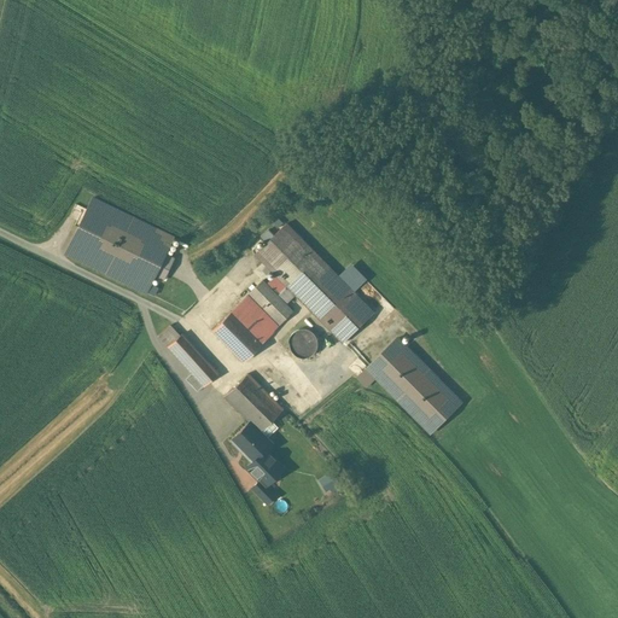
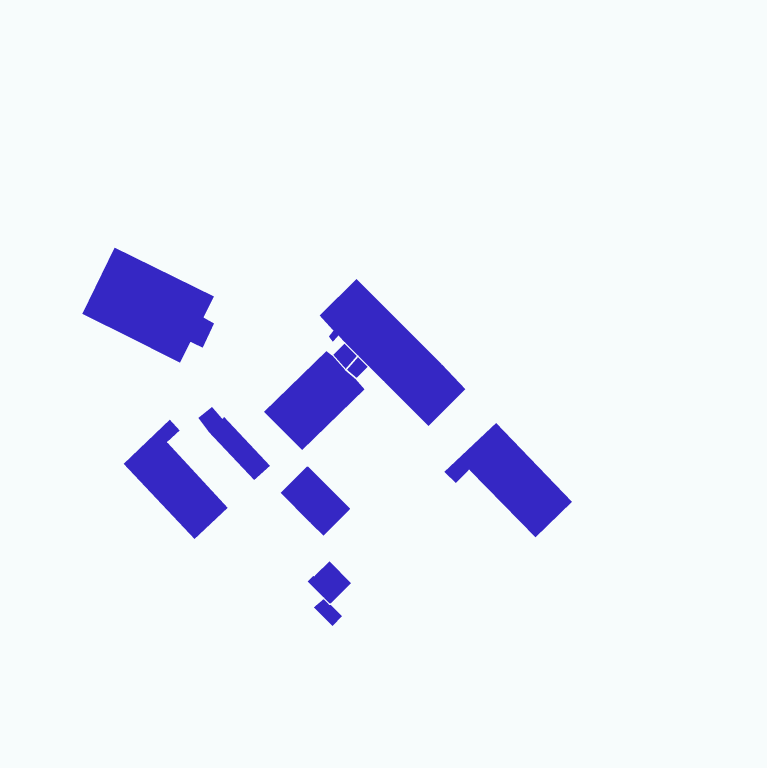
building: [290,328,320,358] -> none
building: none -> [123,419,229,540]
building: [231,420,273,462] -> none

